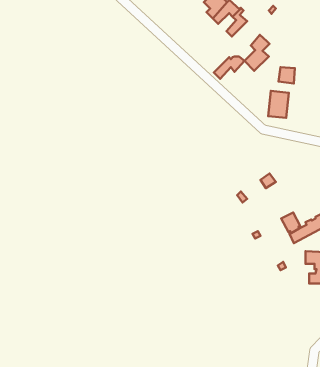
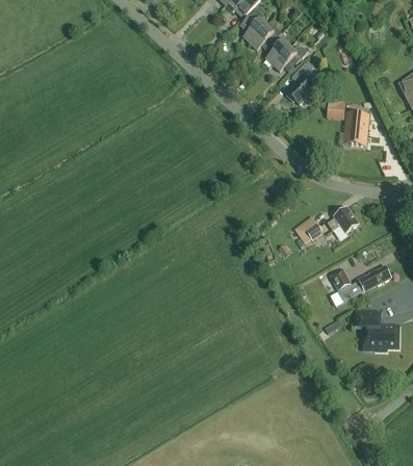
building: [214,56,244,79] -> [272,46,307,72]
building: [268,91,289,118] -> [343,113,367,145]
building: none -> [327,207,358,233]

